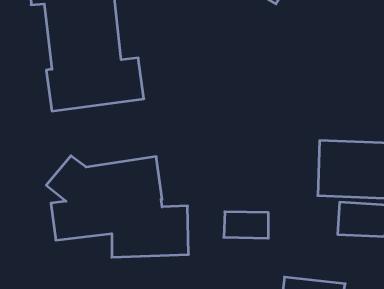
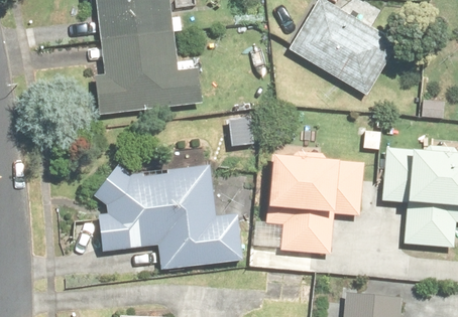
building: none -> [275,10,375,99]
building: none -> [256,158,356,221]

